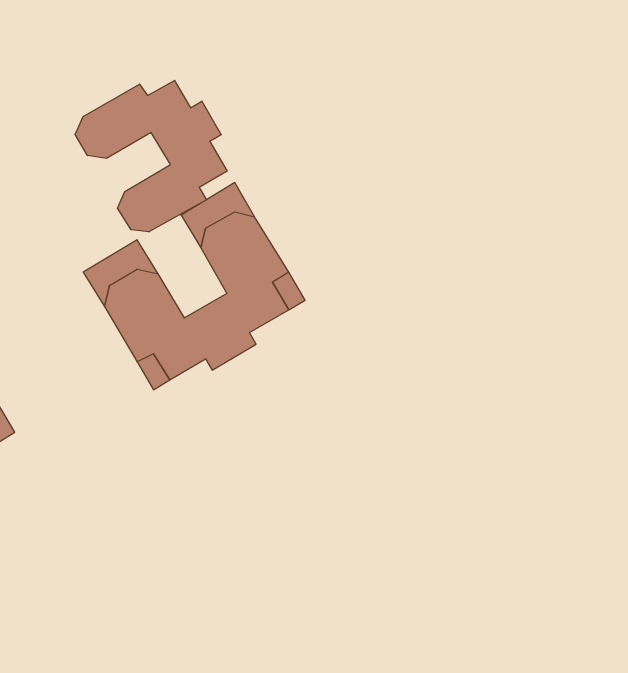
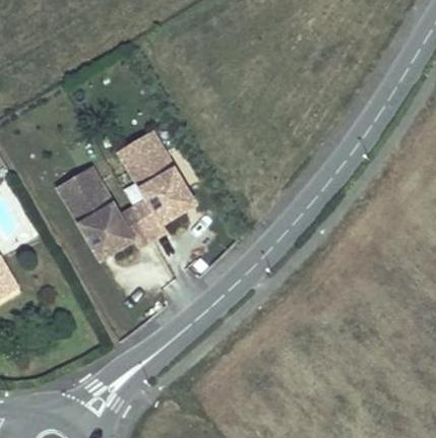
building: [75,80,227,232] -> none

